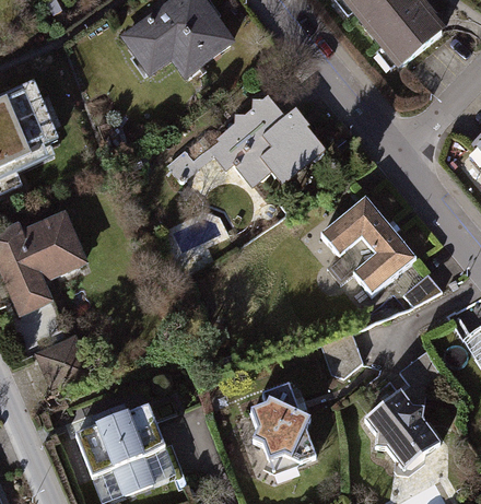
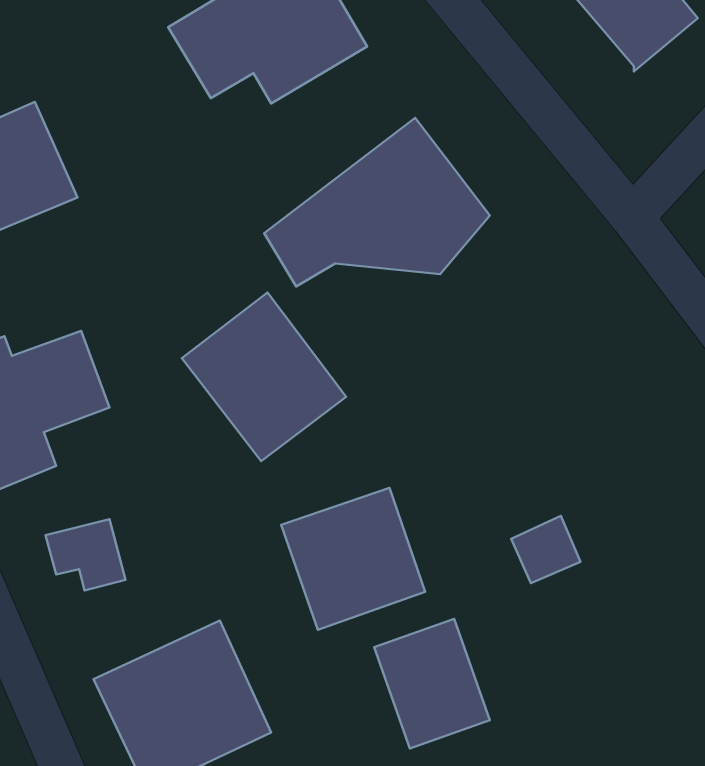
building: [320,196,418,295] -> none
building: none -> [182,293,346,461]
building: none -> [281,488,425,630]
building: [362,389,442,471] -> none

